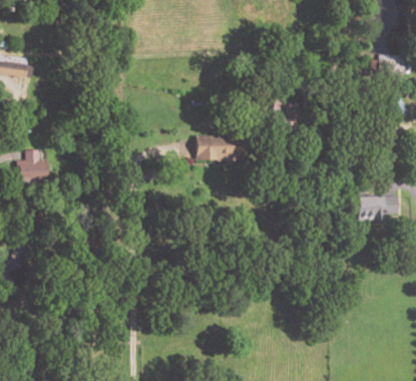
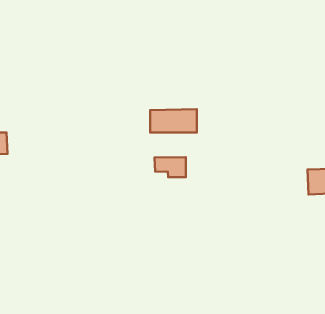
building: none -> [155,157,186,177]

